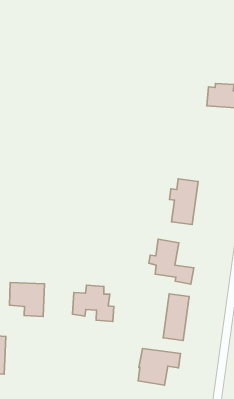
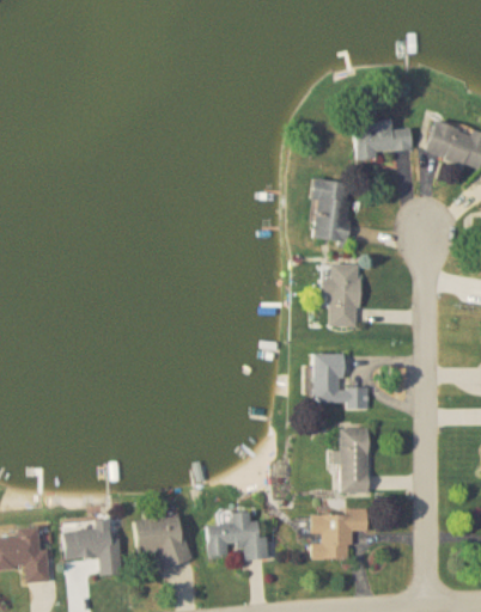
building: none -> [310,178,353,243]
building: [9,282,44,317] -> [134,516,188,565]
building: [72,285,114,322] -> [207,512,268,561]

